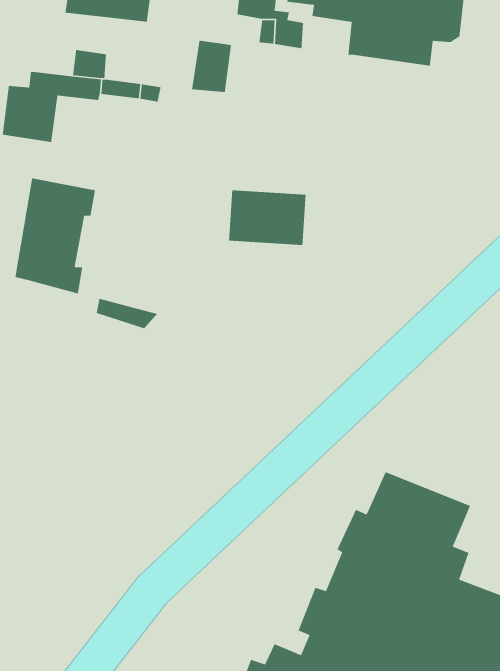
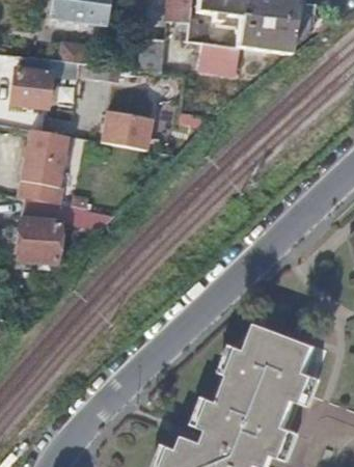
building: none -> [203,43,241,73]
building: [228,190,306,246] -> [103,110,155,147]
building: none -> [17,196,60,262]

